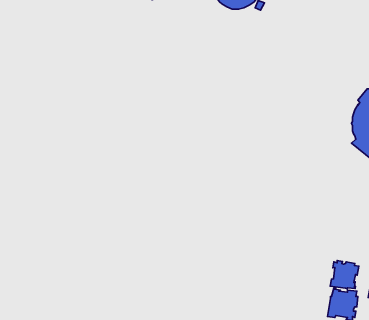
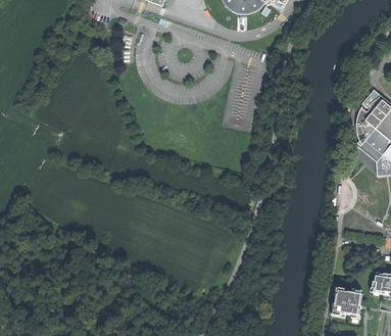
building: [330,261,359,289] -> none

